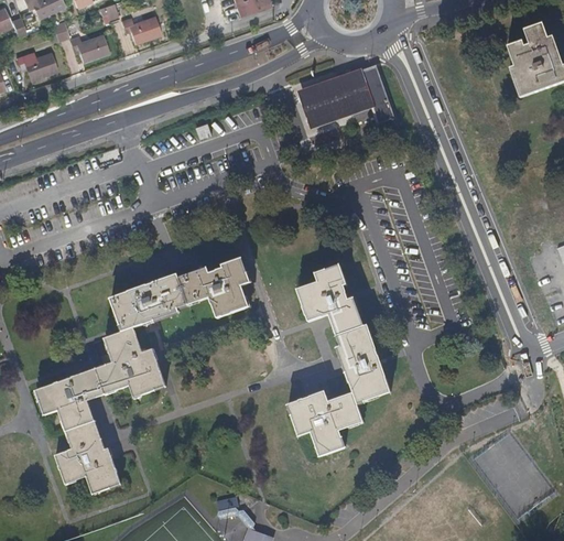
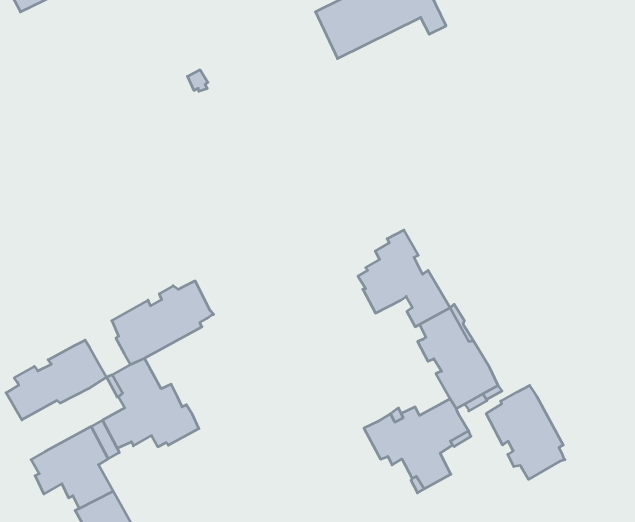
building: [178,257,246,316] -> none
building: none -> [6,340,107,420]
building: none -> [486,385,565,479]

